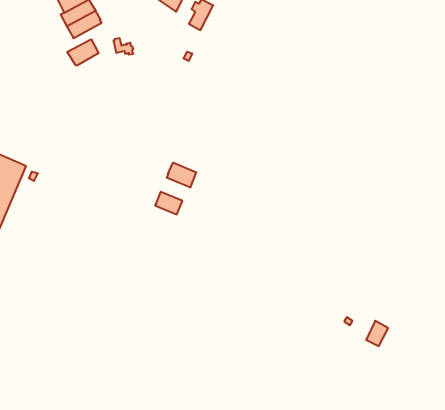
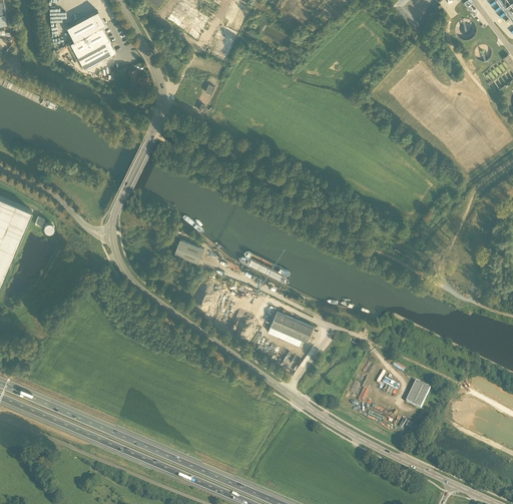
building: [67,39,99,65] -> none
building: [167,163,196,188] -> none
building: none -> [270,311,312,342]

